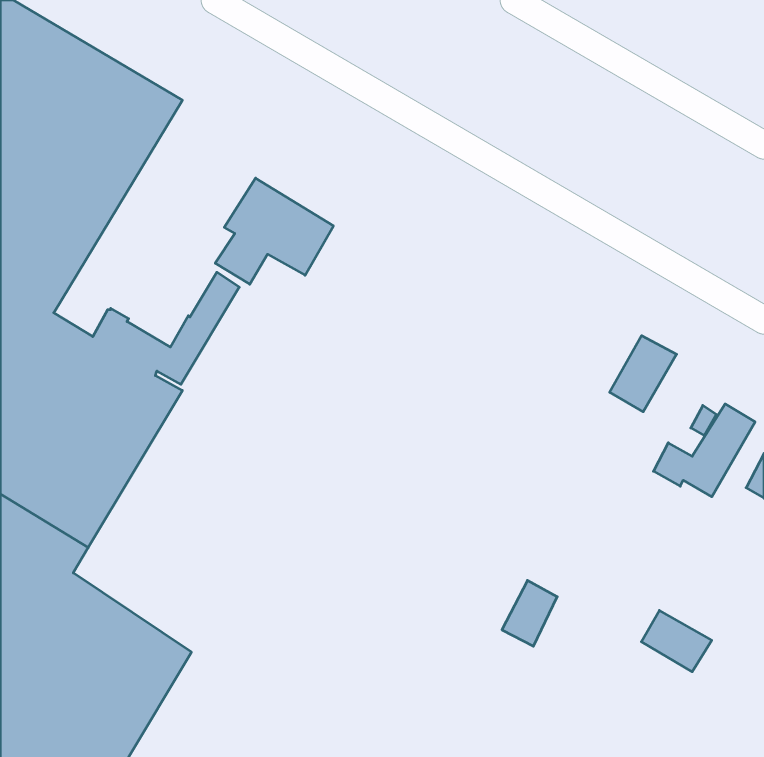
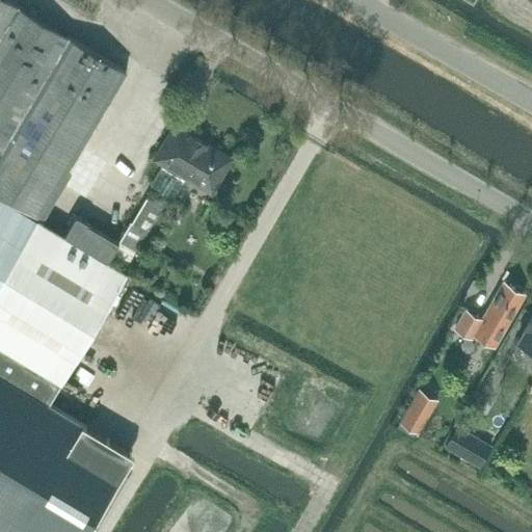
building: [610,336,677,412] -> none
building: [502,580,557,646] -> [400,392,438,437]

